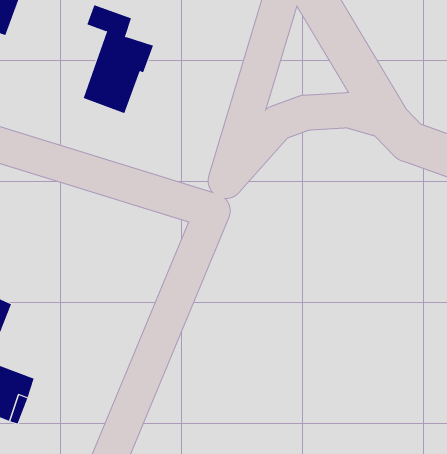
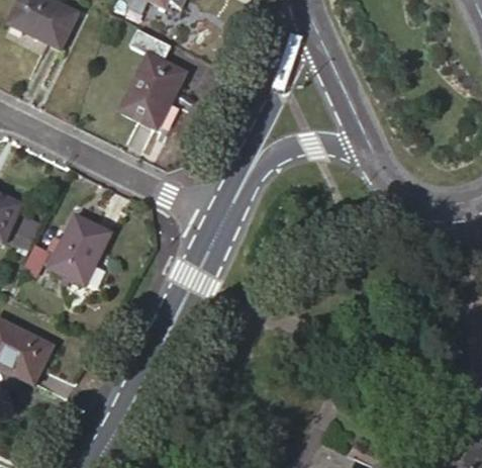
building: none -> [50,214,112,285]

